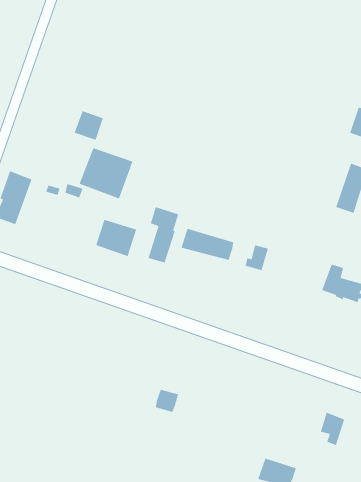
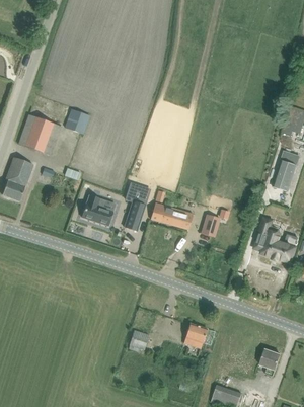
building: [79,147,134,200] -> [18,114,62,156]
building: none -> [183,323,207,348]

